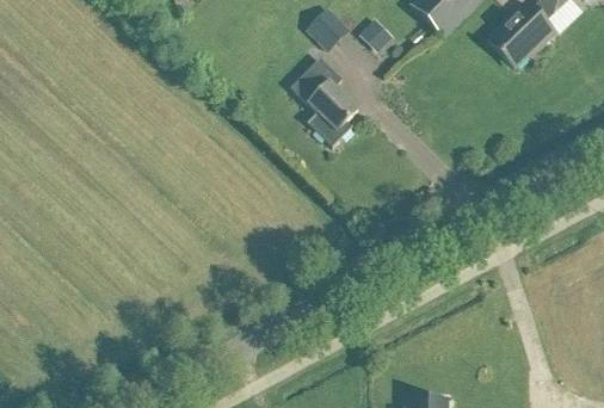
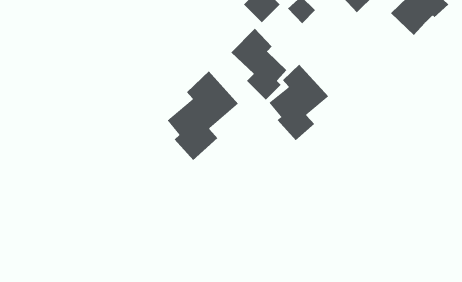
building: none -> [269,64,329,141]
building: none -> [167,71,239,161]

